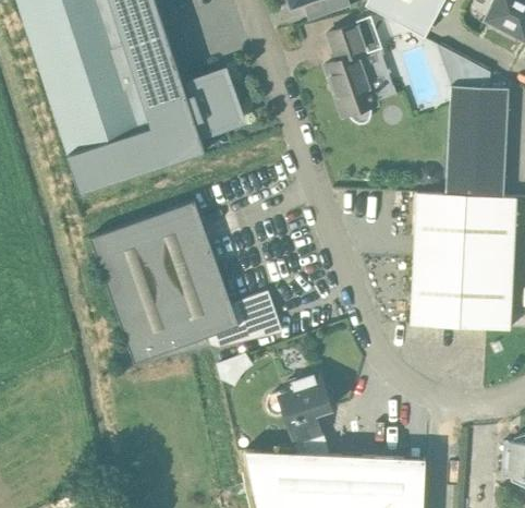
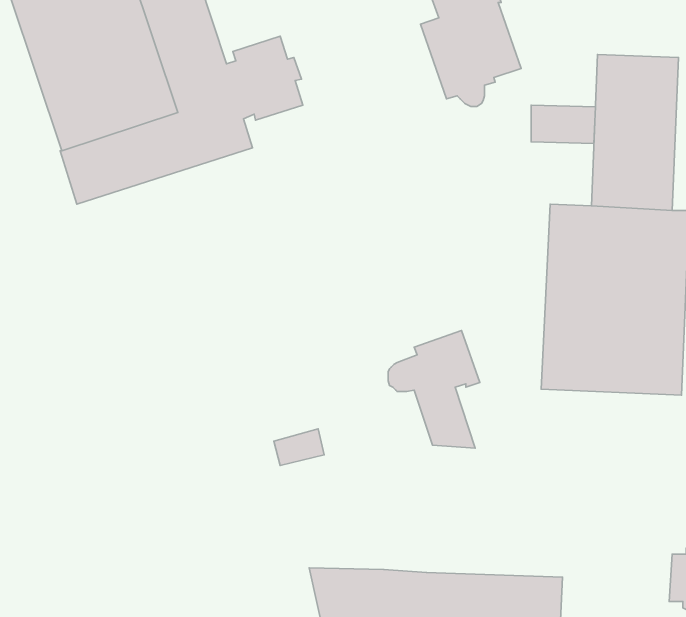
building: [448,57,493,84] -> [531,105,595,143]
building: [89,201,278,363] -> none
building: [266,372,331,456] -> [388,331,480,448]

